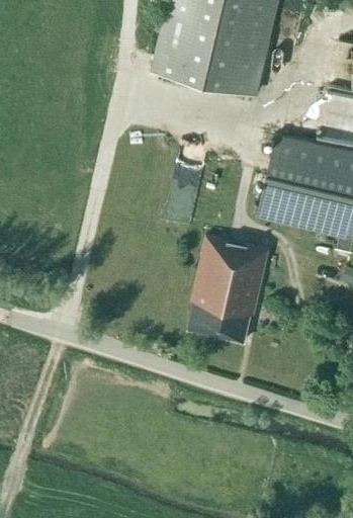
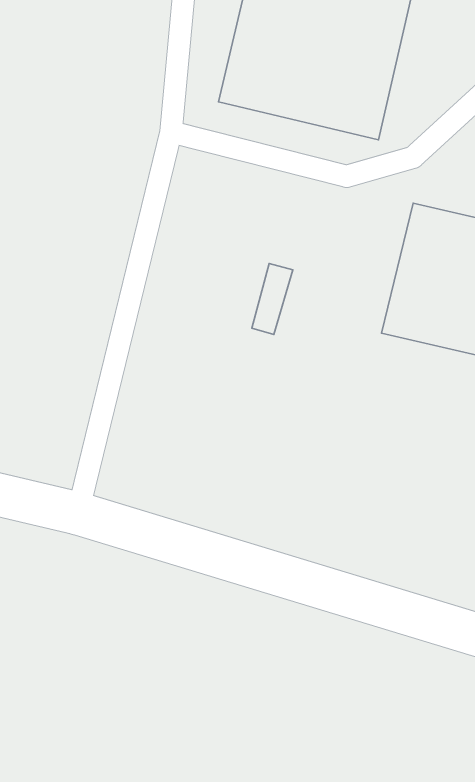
building: [188,235,269,341] -> none

